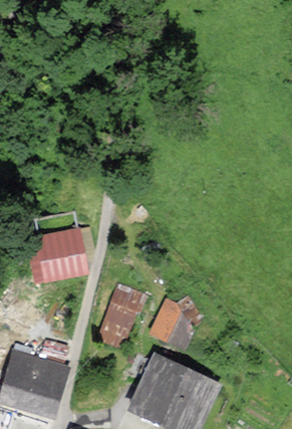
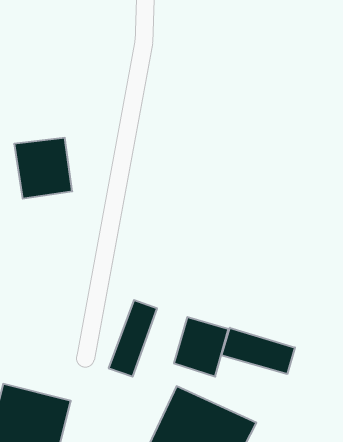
building: [37,229,85,279] -> [14,138,72,199]
building: none -> [221,328,295,374]

